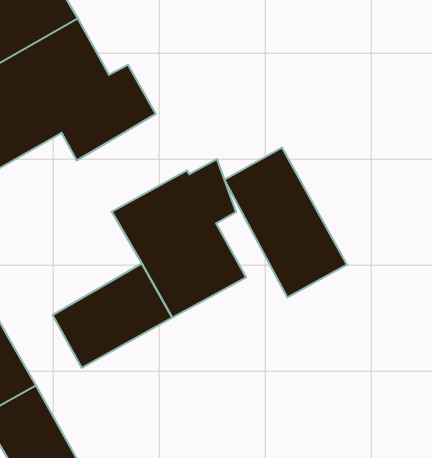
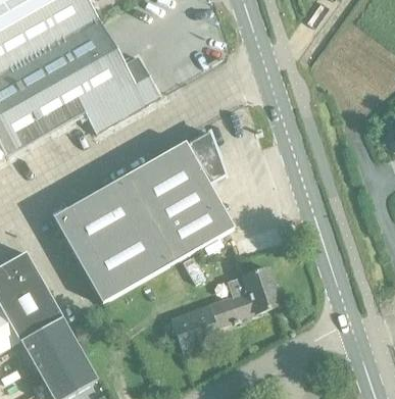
building: [225,147,347,298] -> none
building: none -> [52,177,149,260]
building: none -> [169,266,281,352]

